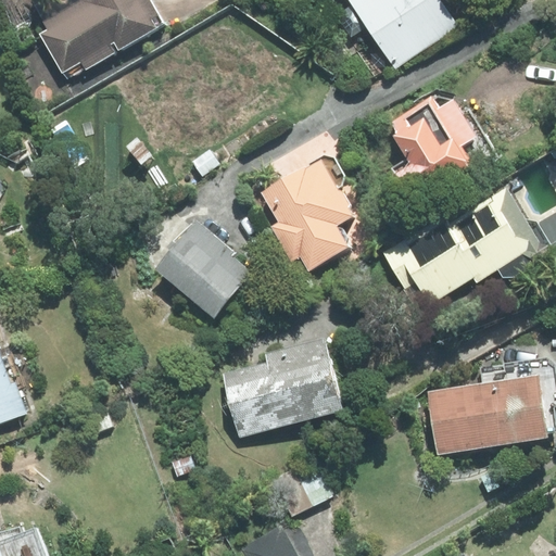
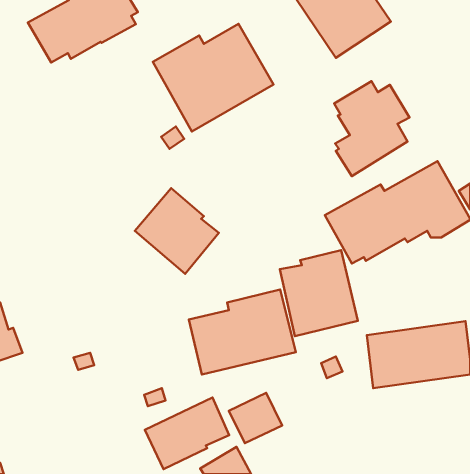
building: none -> [153,24,274,132]
building: [262,159,356,271] -> none
building: none -> [280,250,358,336]
building: none -> [145,398,229,469]

